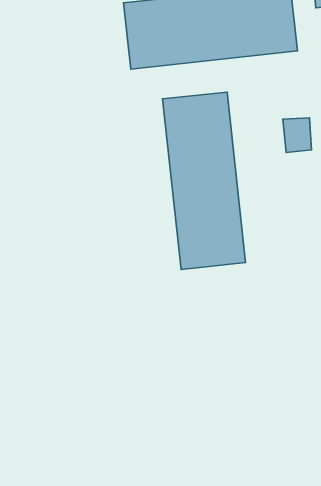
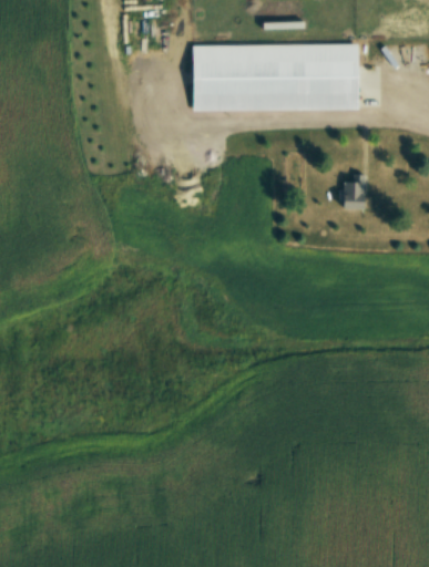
building: [162,92,246,269] -> none

